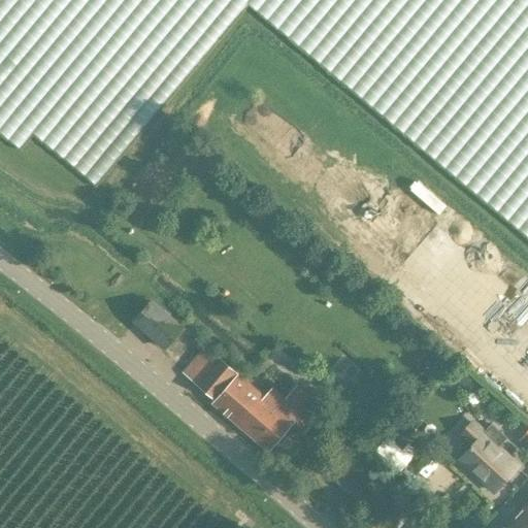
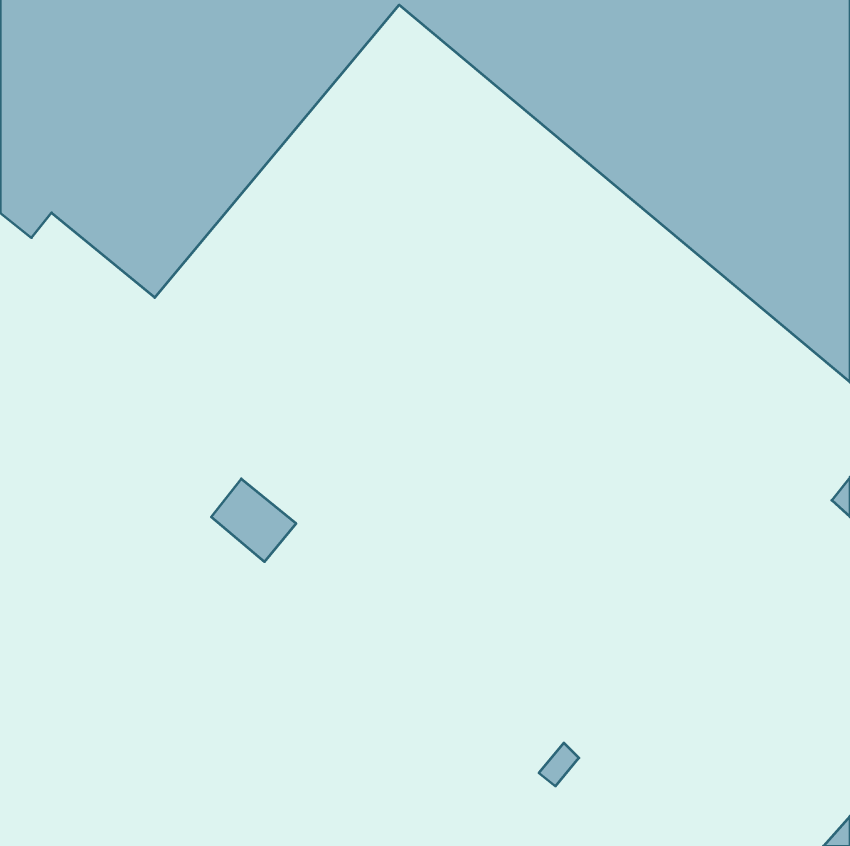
building: [196,355,328,449] -> none
building: [461,424,519,492] -> none

